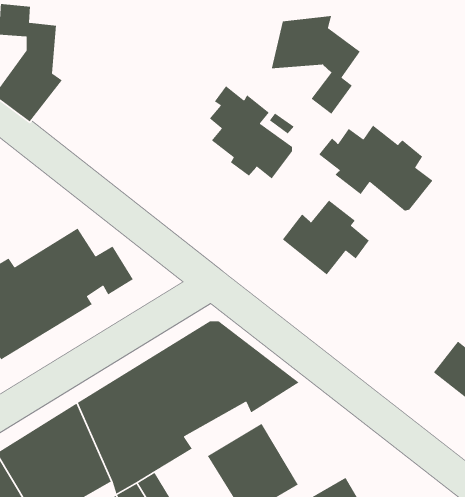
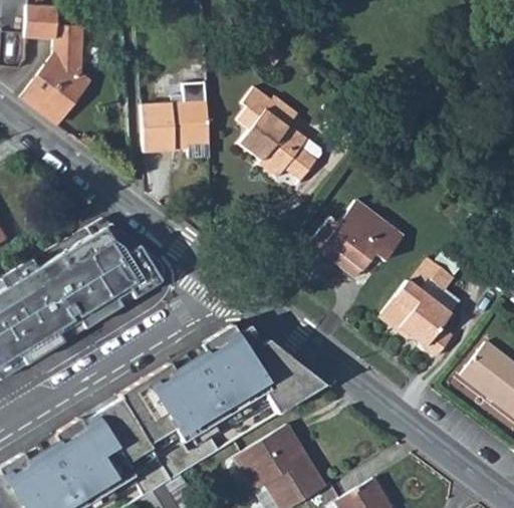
building: [271,15,361,115] -> none
building: none -> [142,83,211,158]
building: [318,125,434,212] -> none
building: none -> [381,259,454,357]

